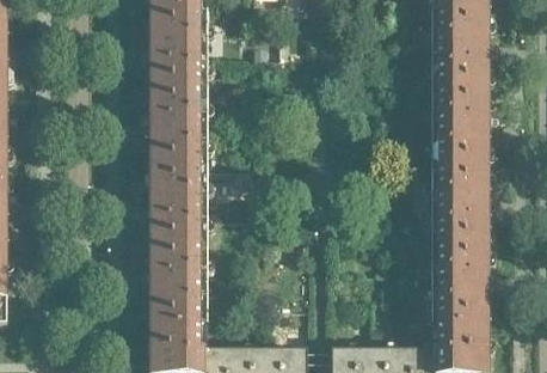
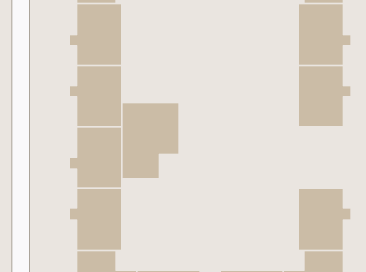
building: none -> [122,103,179,179]
building: [430,165,497,243] -> none

